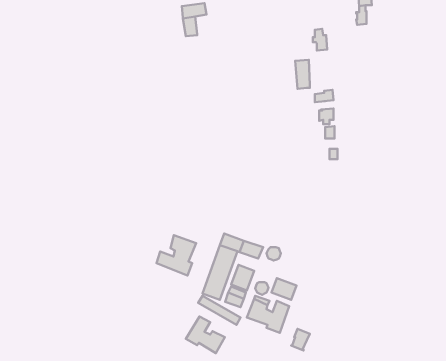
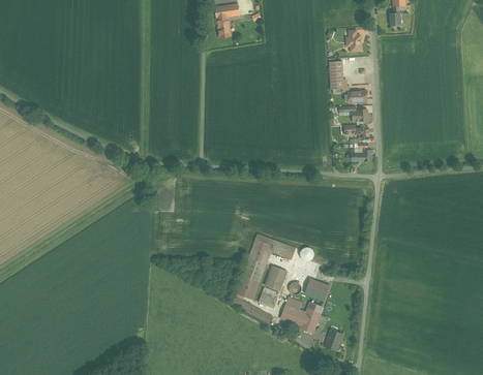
building: [156,235,196,275] -> none
building: [186,316,225,353] -> none

